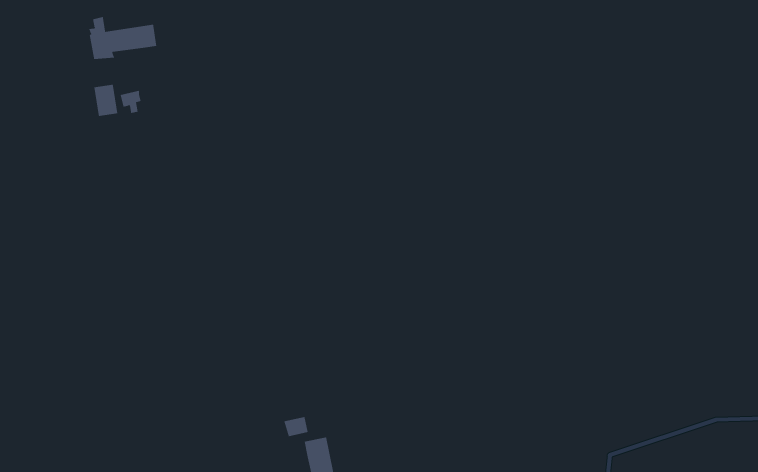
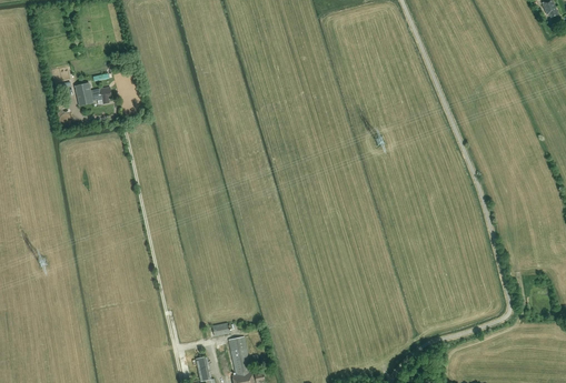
building: [89,16,157,60] -> none

